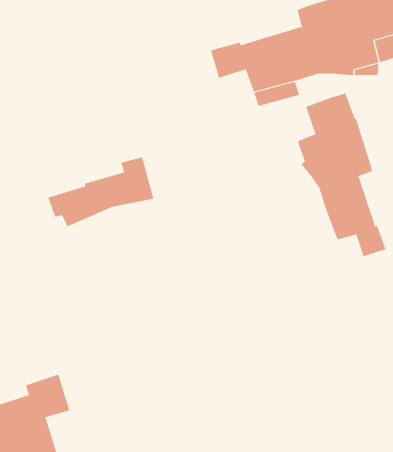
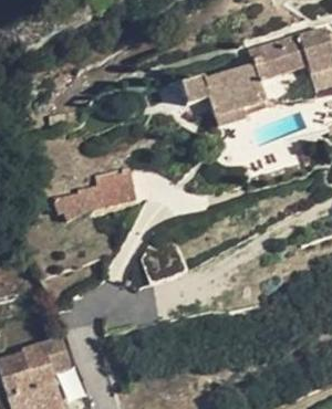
building: [297,93,386,257] -> none

